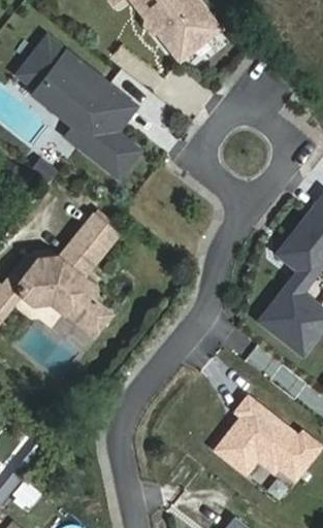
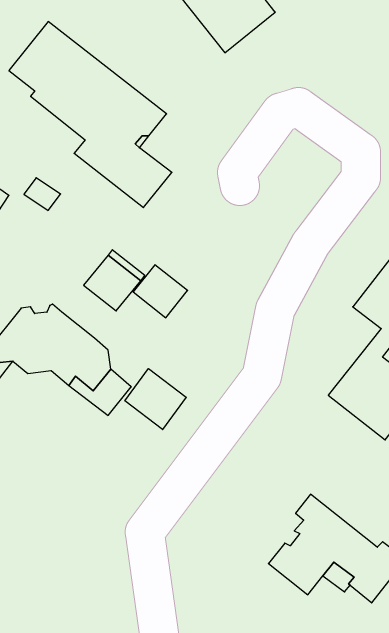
building: [58,237,99,277] -> [133,265,188,318]
building: none -> [125,369,186,430]

